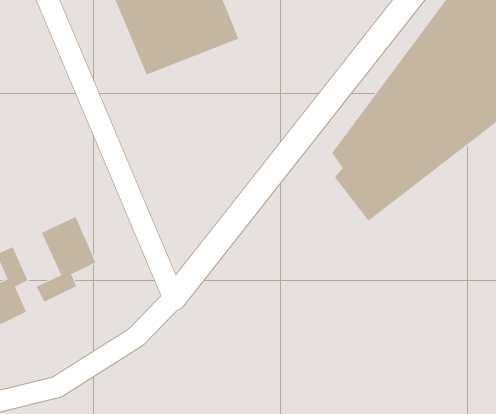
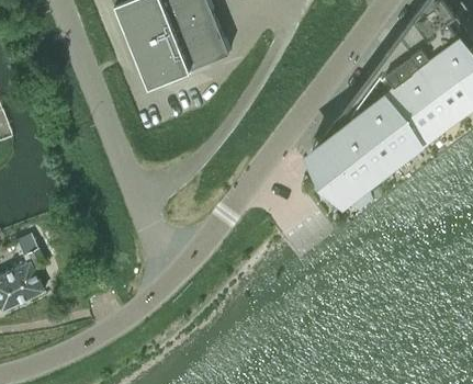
building: [36,216,96,302] -> none

